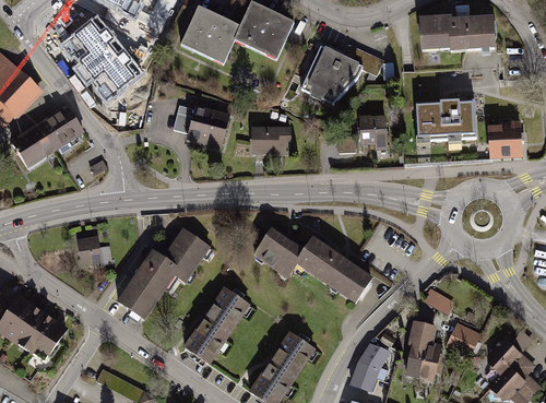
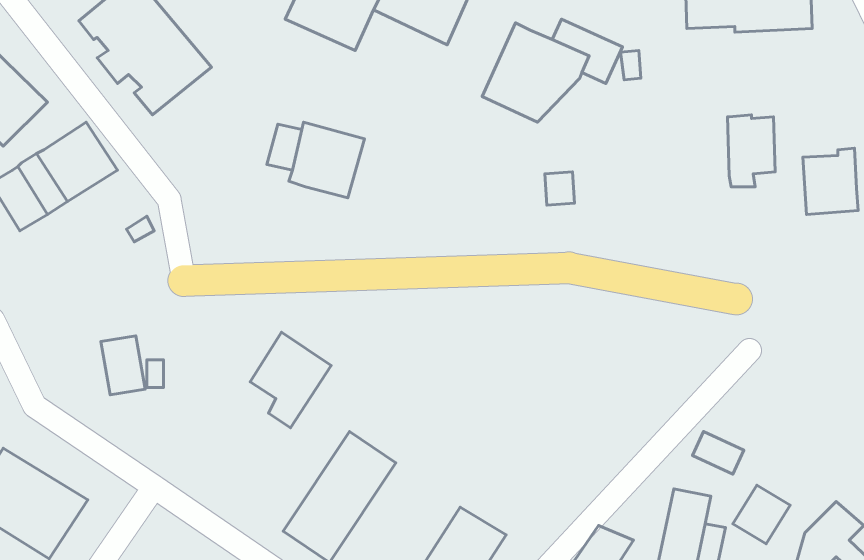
building: [414,100,447,144] -> none
building: [359,114,388,149] -> none
building: [250,126,290,154] -> none
building: [252,229,372,305] -> none
building: [115,250,178,321] -> none

